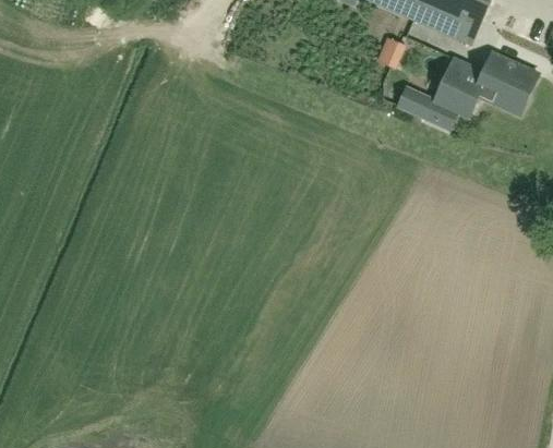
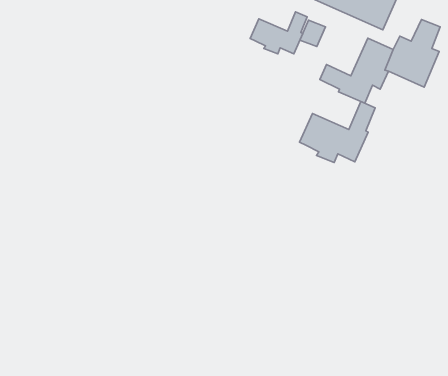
building: none -> [250,12,307,54]
building: none -> [300,101,375,163]

